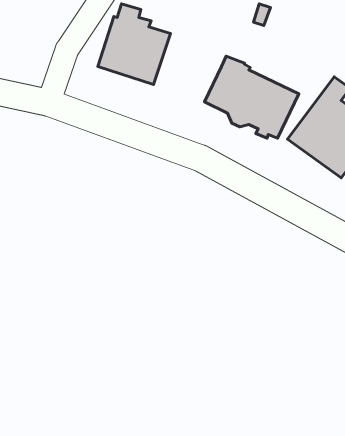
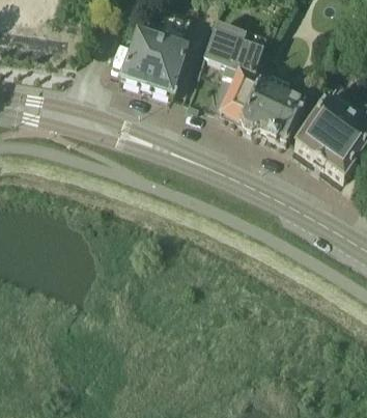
building: none -> [204,18,263,73]

